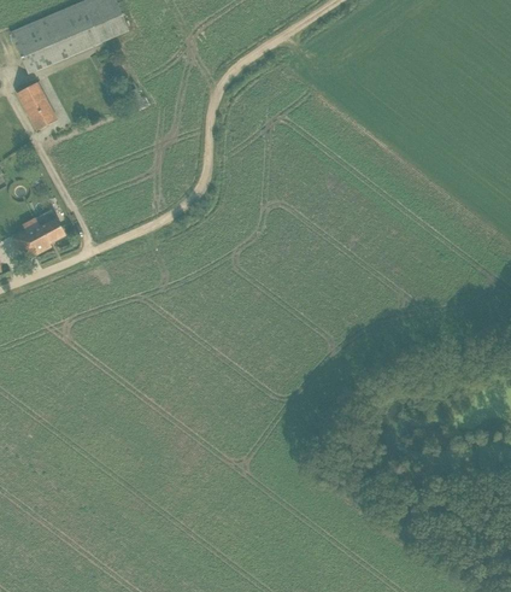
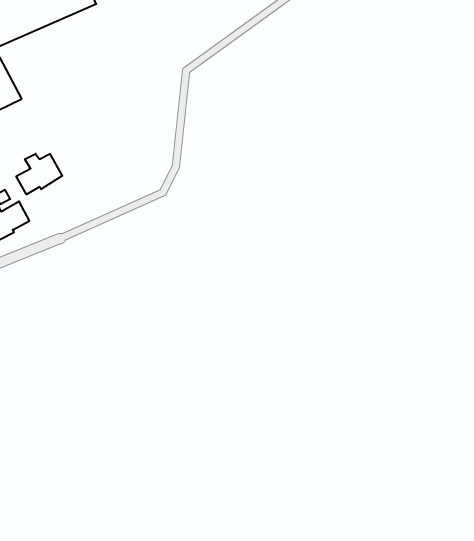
building: none -> [16,154,62,194]

